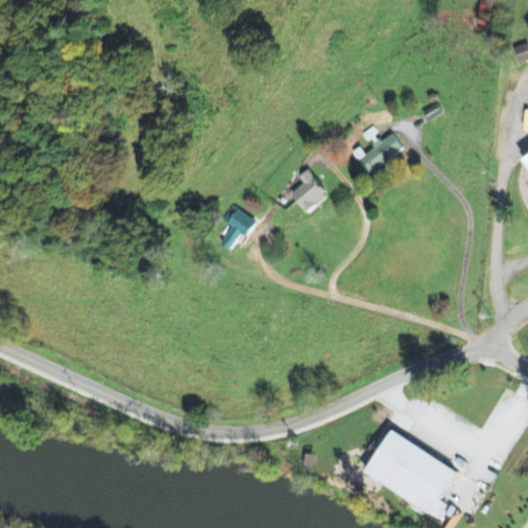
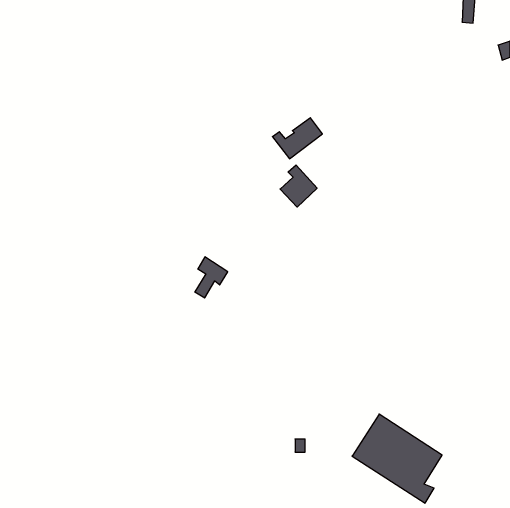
building: [351,132,402,174] -> [272,118,322,159]
building: [220,208,254,251] -> [195,257,228,298]

